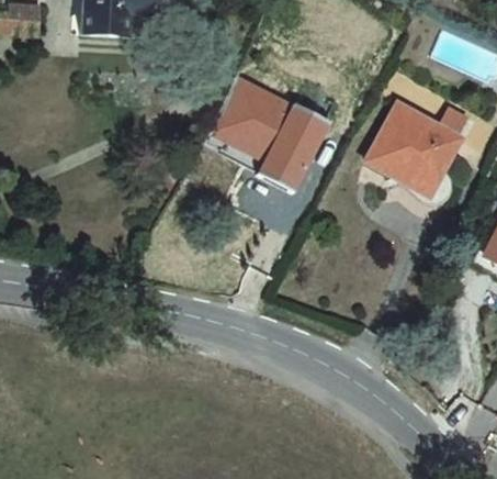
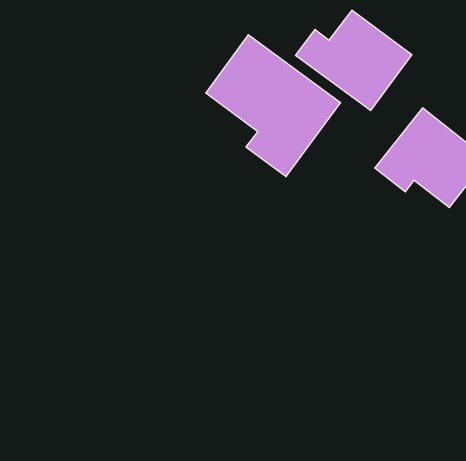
building: none -> [296,10,412,111]

